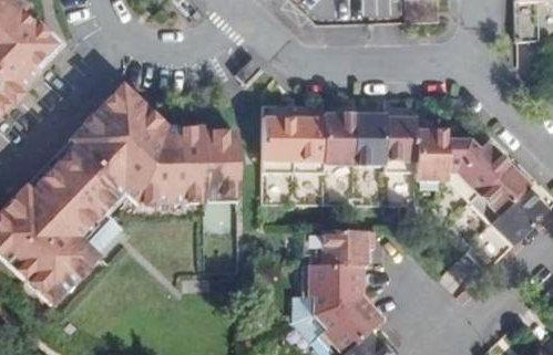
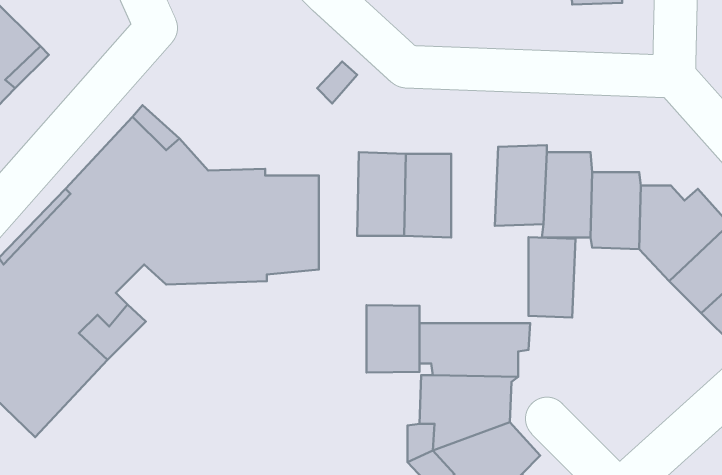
building: [325,111,356,164] -> [528,237,575,318]
building: none -> [367,305,419,373]

